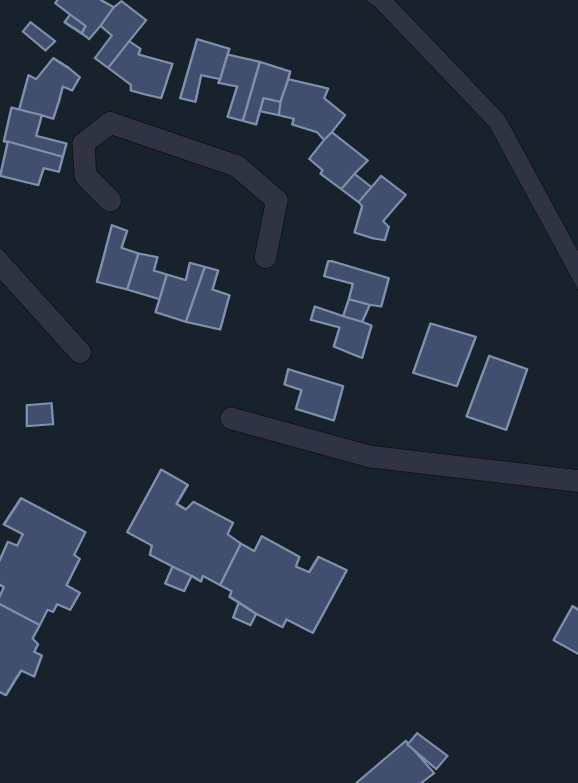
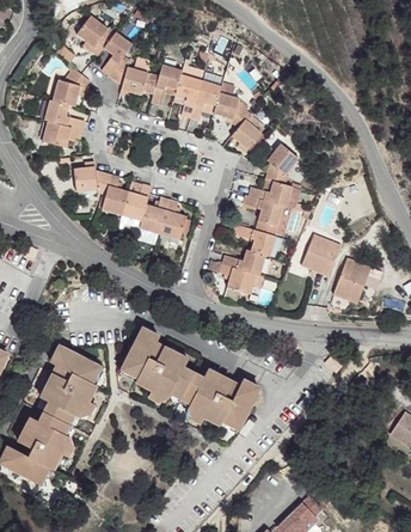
building: none -> [73,167,112,197]
building: none -> [251,183,295,209]
building: none -> [223,251,266,277]

